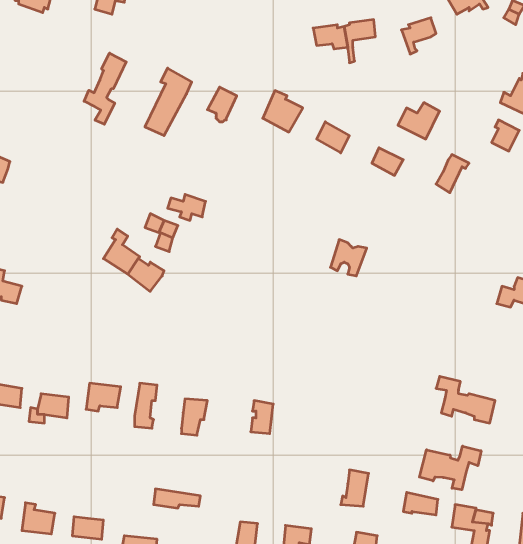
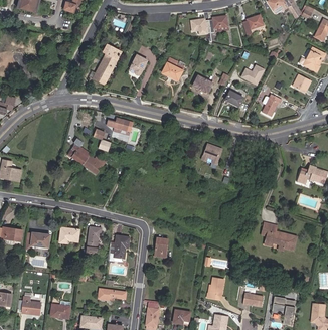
building: [84,53,126,124] -> none
building: [419,446,481,490] -> none

